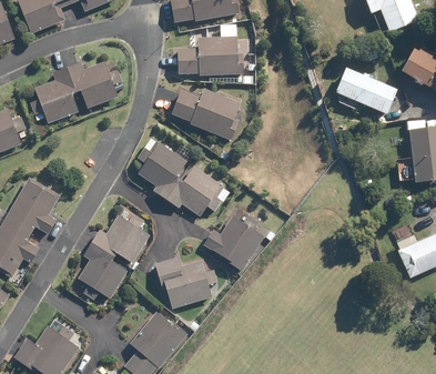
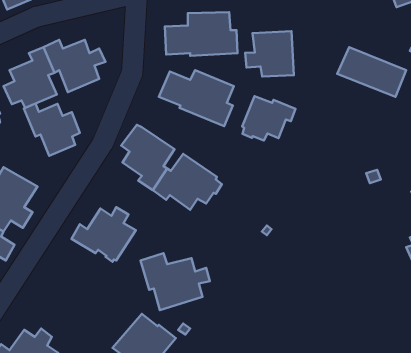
building: none -> [245,31,294,77]
building: none -> [242,96,295,141]
building: none -> [24,103,80,156]
building: [200,212,261,274] -> none
building: [78,243,126,300] -> none

